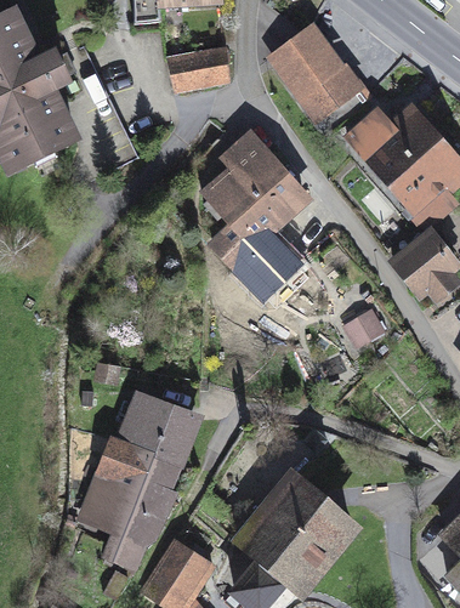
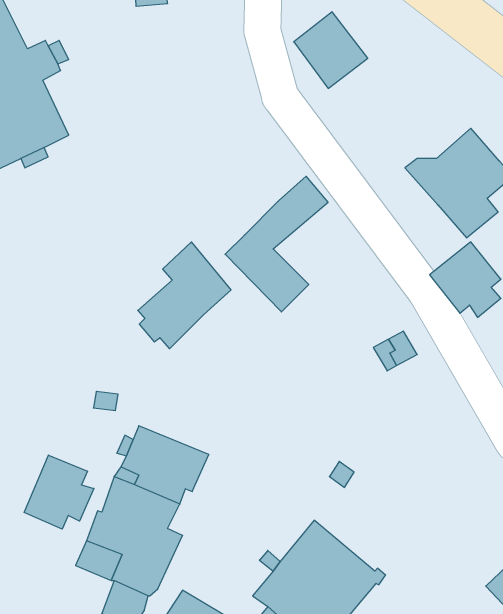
building: [169,46,228,89] -> none
building: [305,64,373,132] -> none
building: [348,107,431,164] -> none
building: [203,129,285,223] -> [138,242,231,349]
building: none -> [24,455,94,529]

